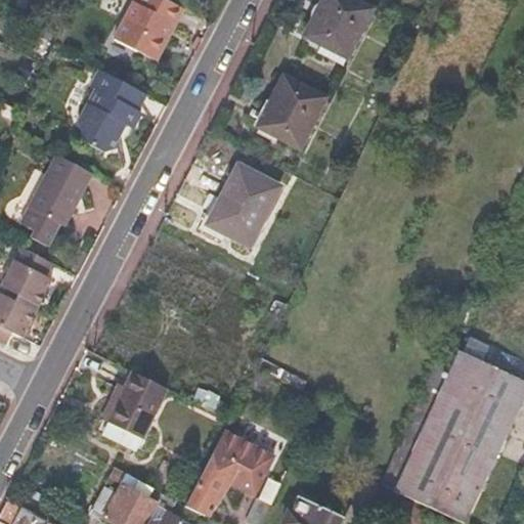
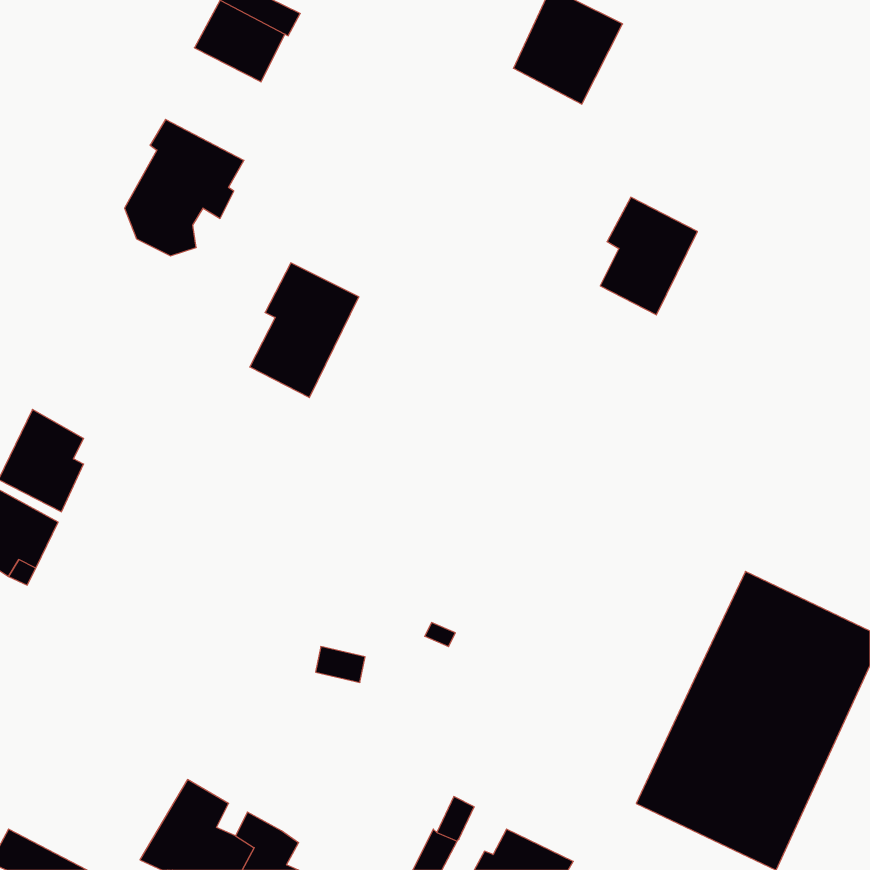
building: [269,80,328,150] -> [600,197,697,315]
building: [20,155,91,246] -> none
building: [217,168,282,249] -> [250,263,359,398]
building: [107,372,164,435] -> none
building: [189,433,278,518] -> none

